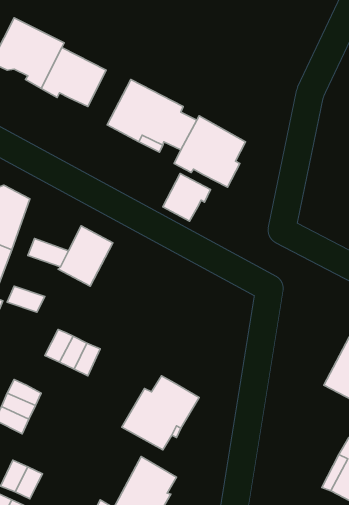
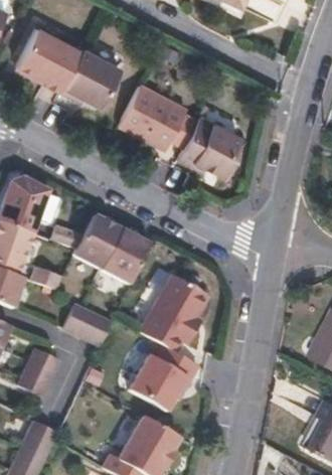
building: [163,173,210,221] -> none
building: none -> [101,228,148,282]
building: none -> [140,275,208,352]

